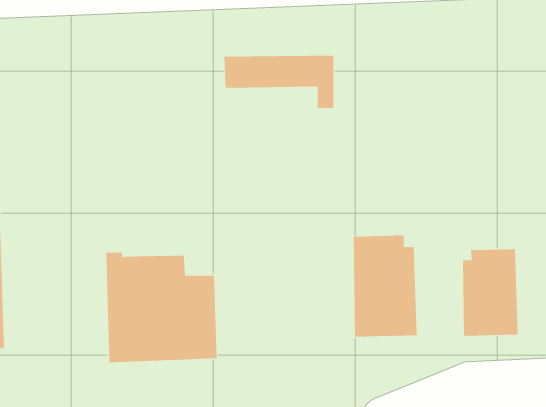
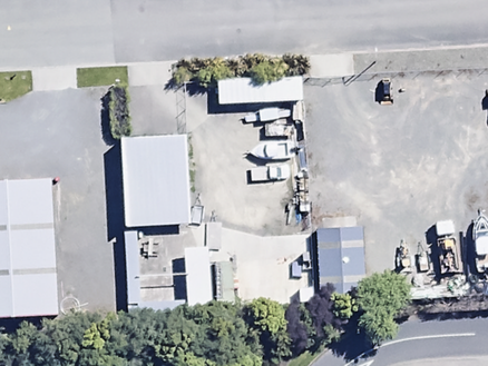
building: none -> [125,129,197,224]
building: [462,249,518,337] -> none

